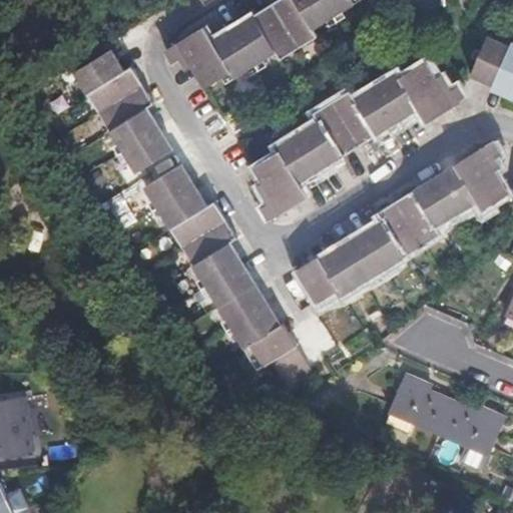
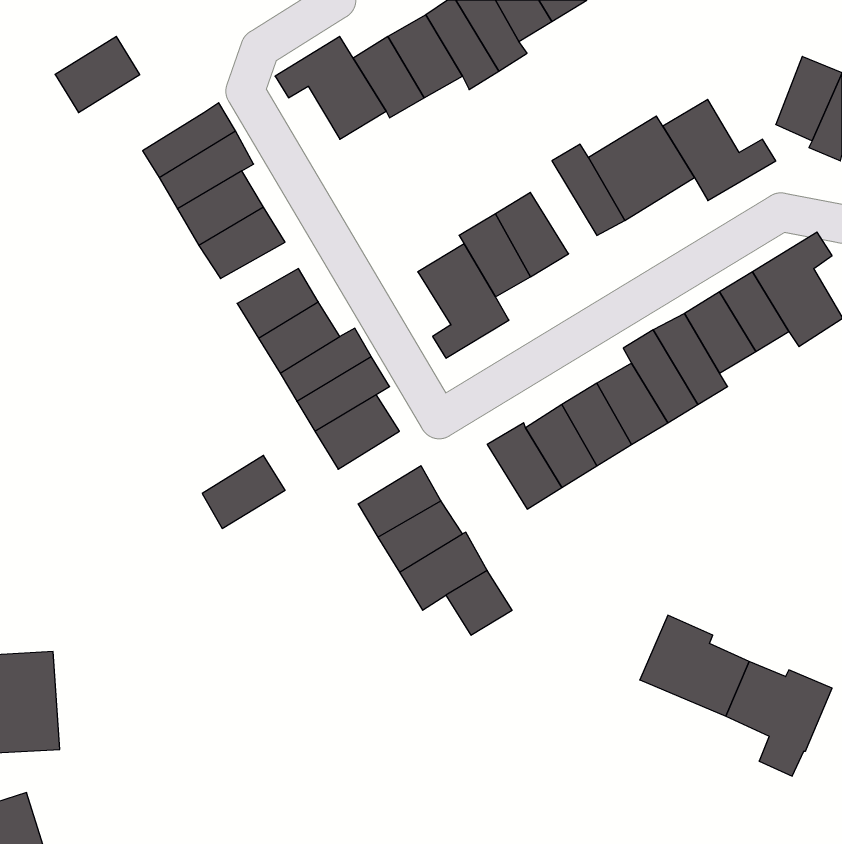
building: [72,47,123,93] -> [55,36,140,113]
building: [317,99,361,155] -> none
building: [204,263,254,307] -> [202,455,285,528]

